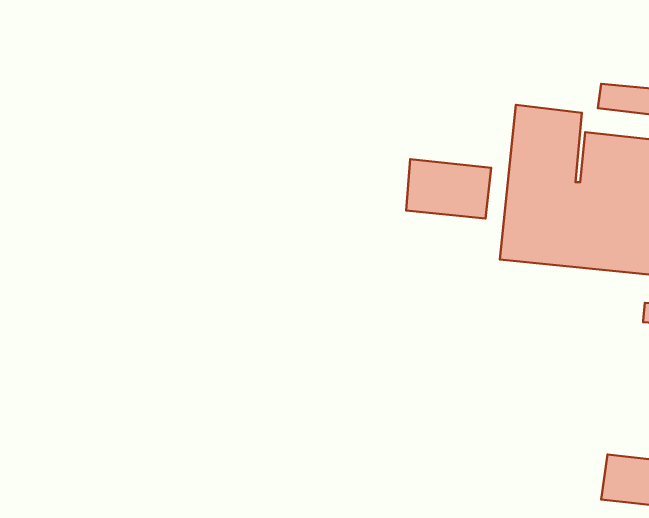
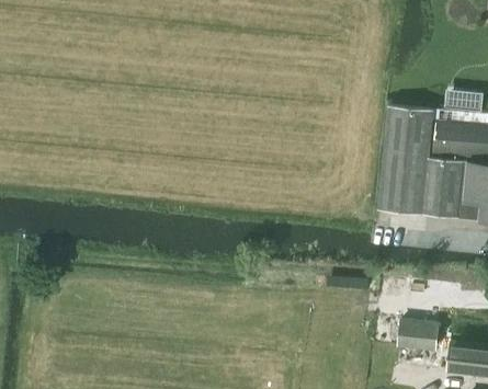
building: [406,159,491,219] -> none
building: none -> [398,320,438,350]

